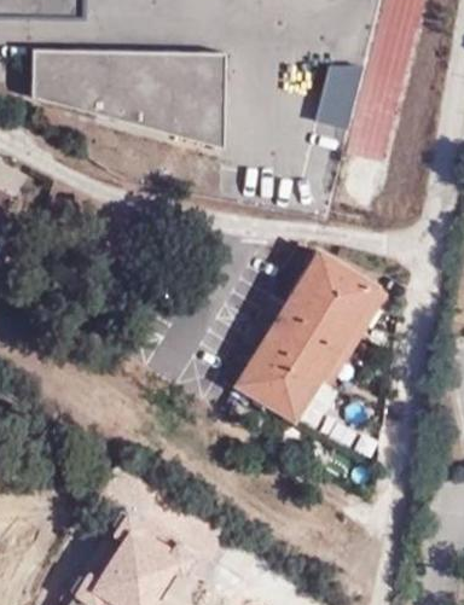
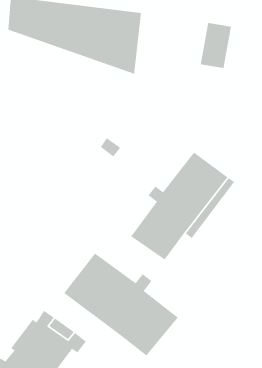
building: none -> [63,252,179,357]

